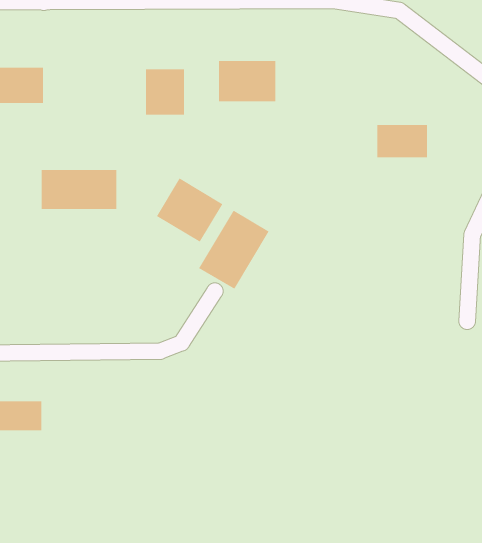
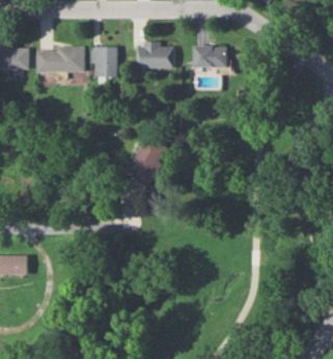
building: [376,124,428,158] -> [193,47,225,67]
building: [41,170,117,209] -> [36,48,84,73]
building: [156,178,223,243] -> none

